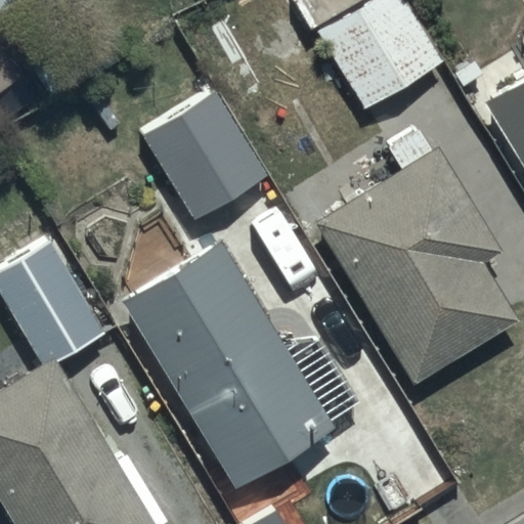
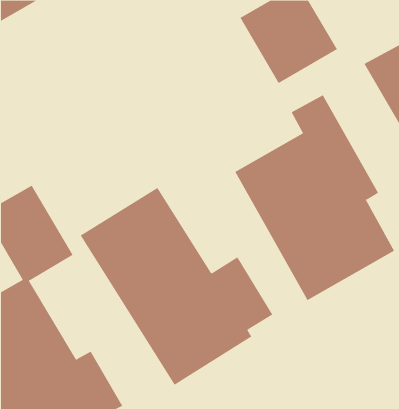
building: [151,91,267,215] -> none

